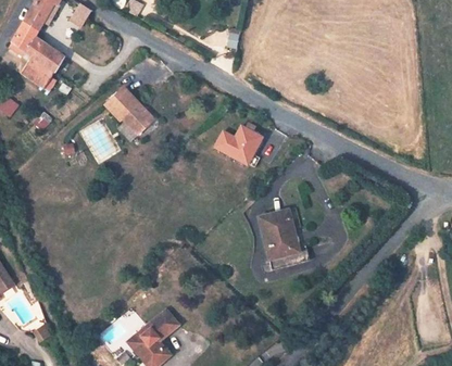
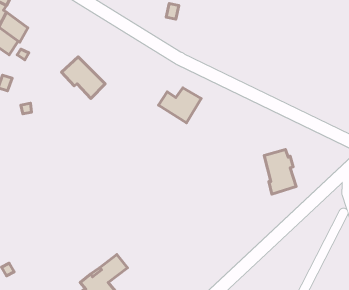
building: [263,210,299,260] -> [264,150,296,194]

